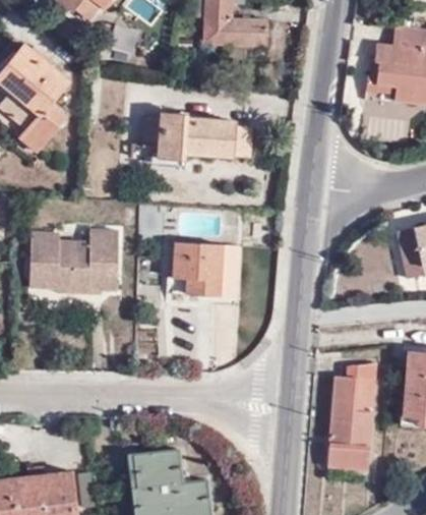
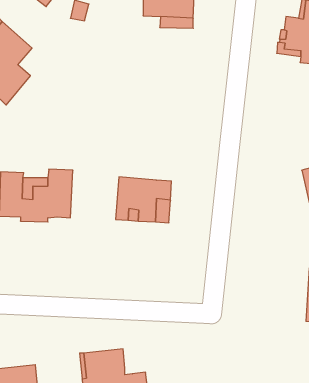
building: [142,112,252,161] -> none
building: [328,362,377,468] -> none

